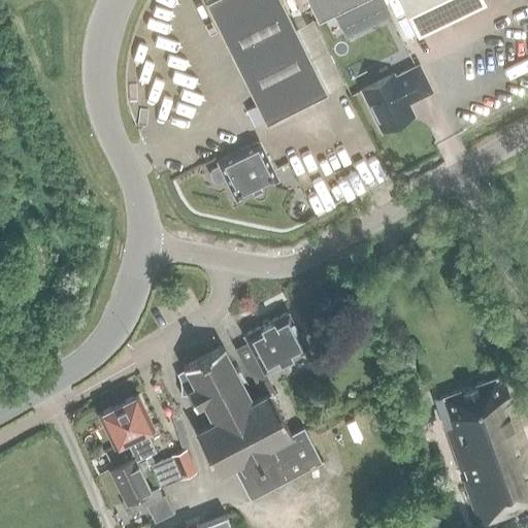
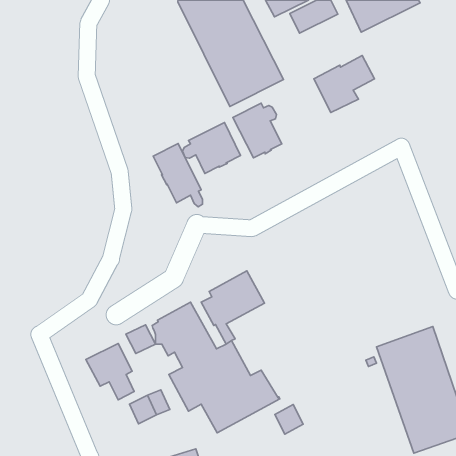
building: none -> [233,103,282,158]
building: none -> [153,143,203,207]
building: none -> [126,325,156,354]
building: [110,460,164,514] -> none
building: none -> [275,405,303,434]

